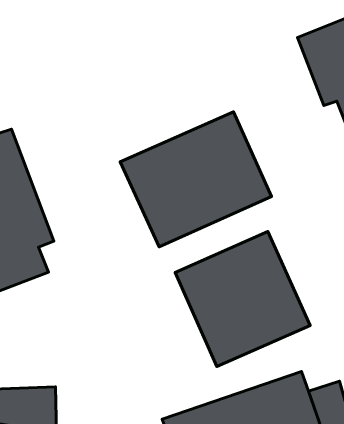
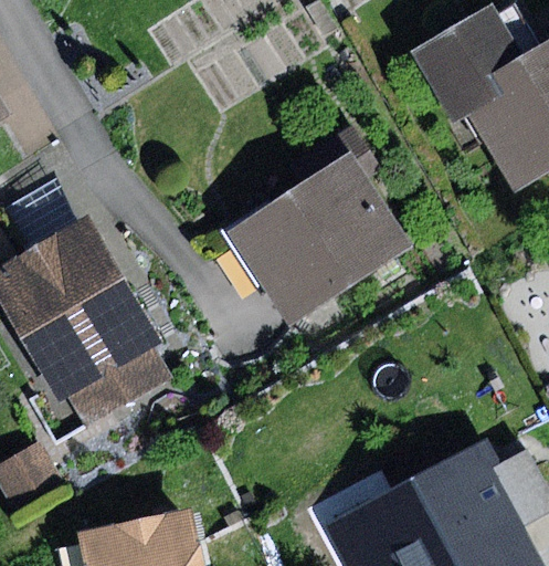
building: [175,231,310,366] -> none

